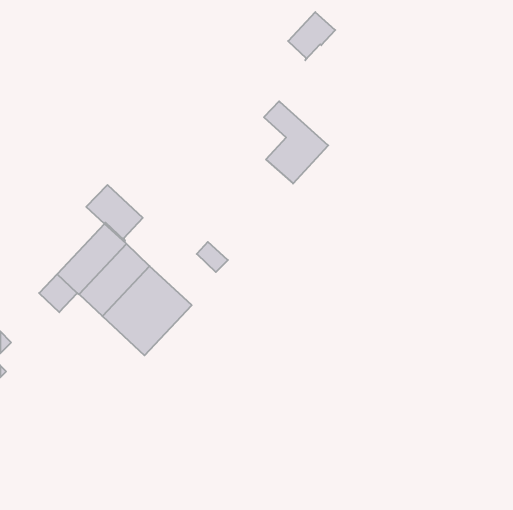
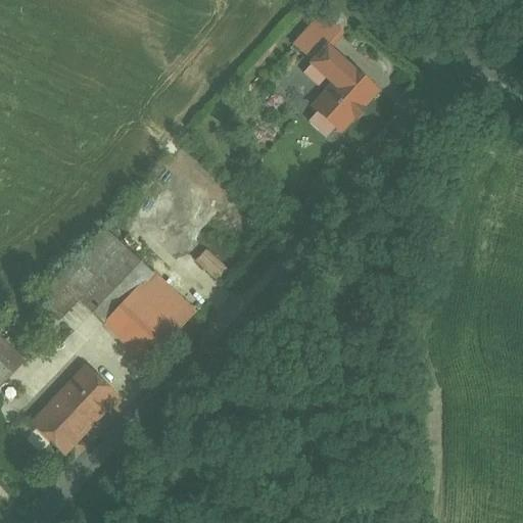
building: [264,101,328,184] -> [311,45,376,129]
building: [86,185,143,241] -> none
building: none -> [34,367,115,450]

